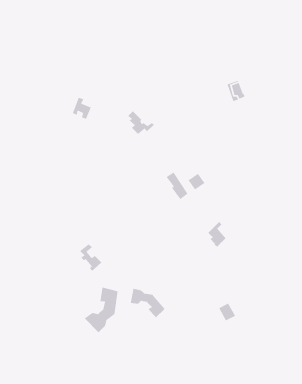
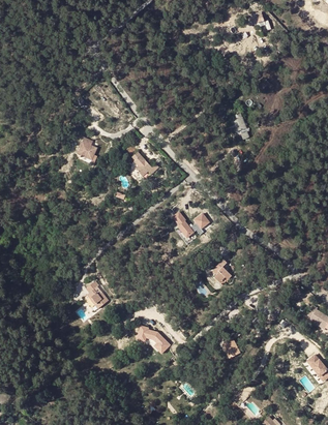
building: [84,287,118,333] -> none

